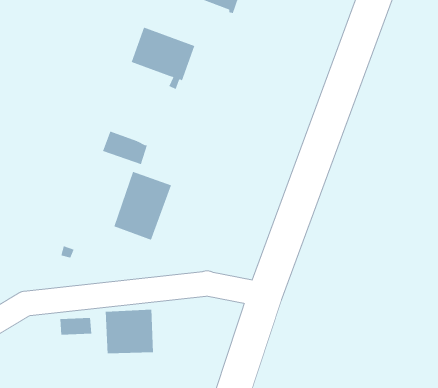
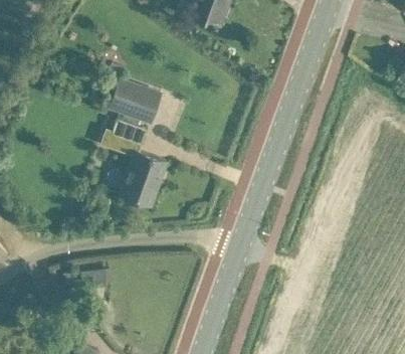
building: [131,27,195,90] -> [109,78,160,129]
building: [105,309,154,354] -> none

